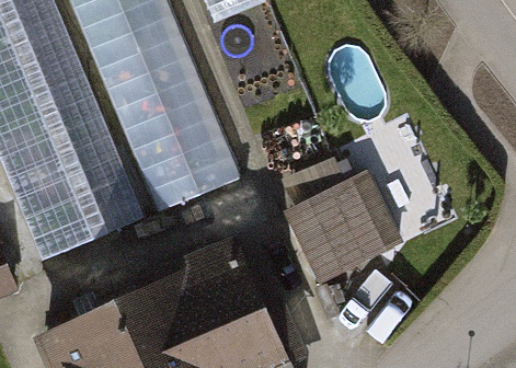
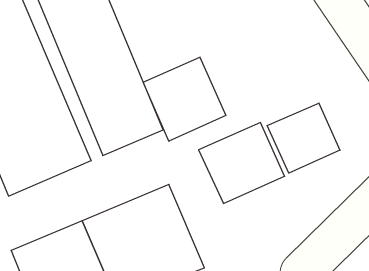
building: none -> [143,57,226,141]
building: none -> [267,103,340,173]

